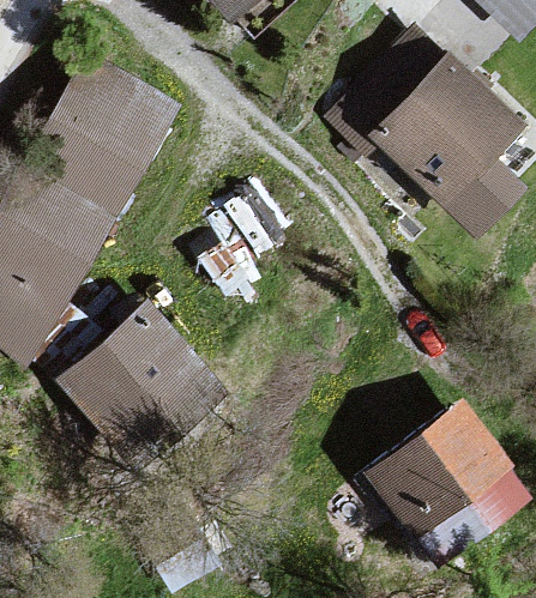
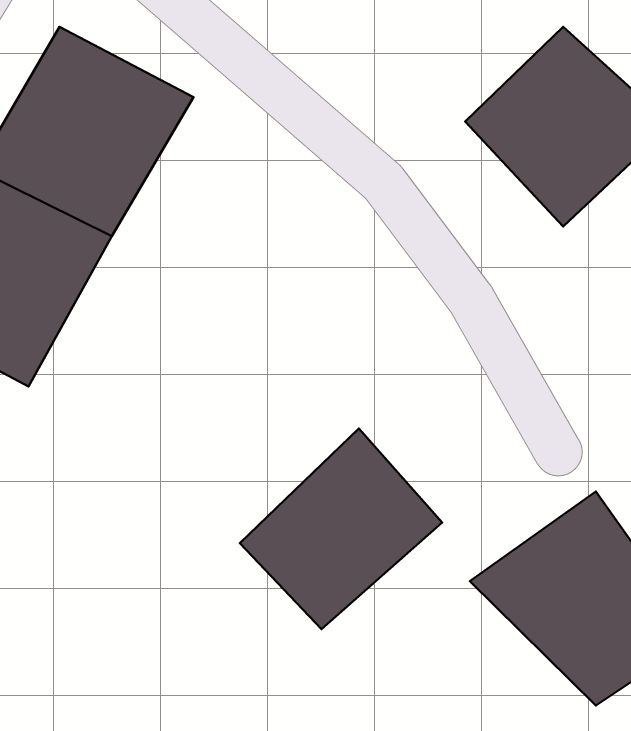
building: [54,302,218,470] -> none
building: none -> [240,428,442,629]

